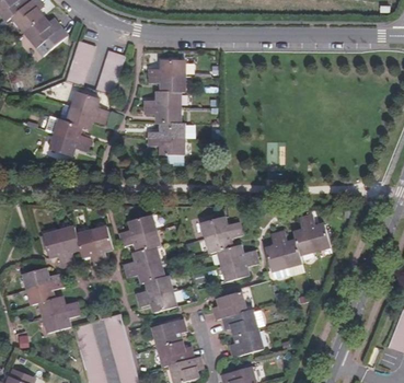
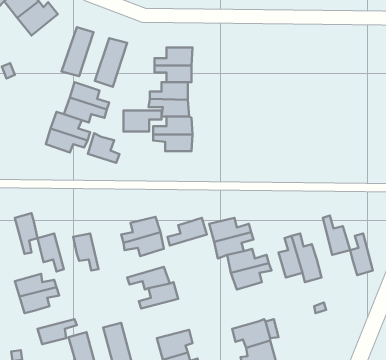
building: none -> [124,110,162,131]
building: none -> [88,133,120,163]
building: [292,217,313,255] -> [350,233,373,275]
building: [58,227,79,264] -> [15,213,38,254]
building: [91,227,112,264] -> none
building: [123,246,159,271] -> [167,218,207,245]
building: [138,291,176,313] -> none
building: [211,292,245,321] -> none
building: [39,297,77,318] -> none

